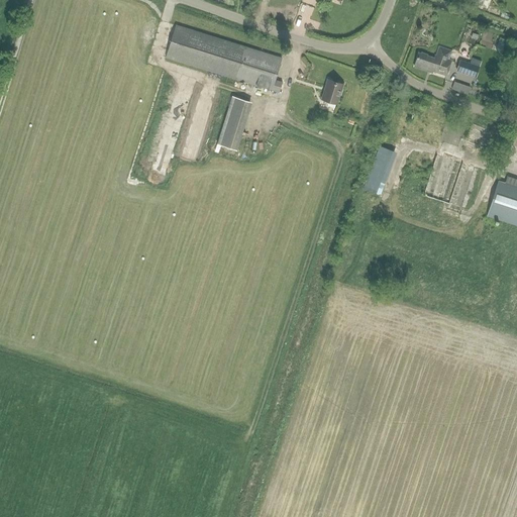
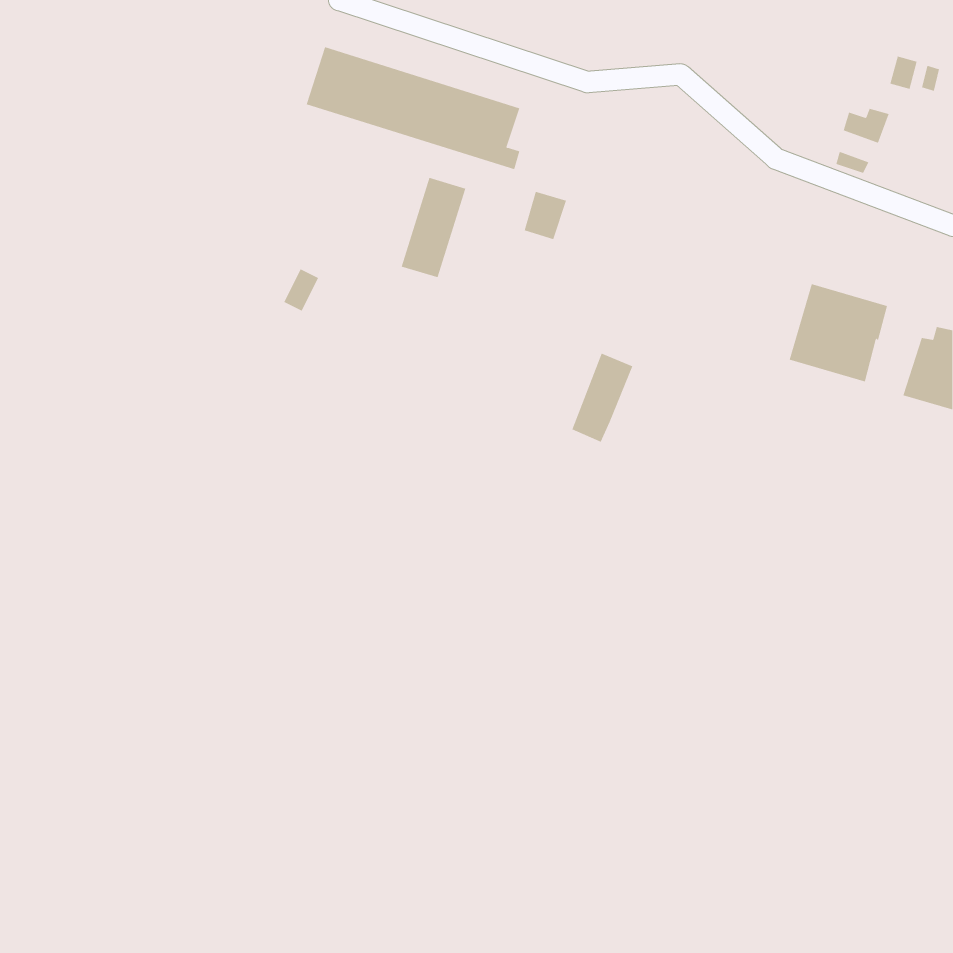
building: [414,46,451,76] -> none
building: [321,79,344,105] -> [524,191,567,240]
building: [363,145,396,194] -> [571,353,633,443]

